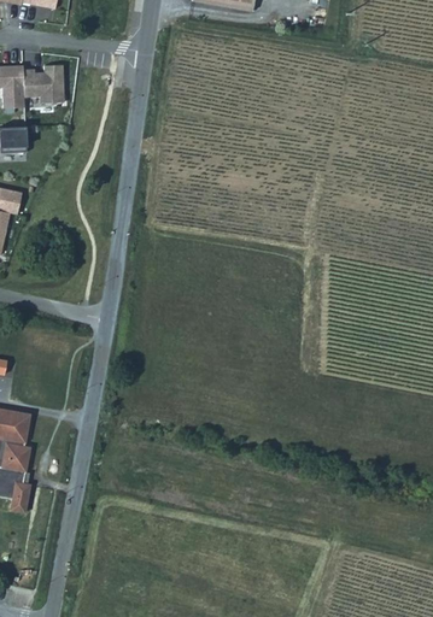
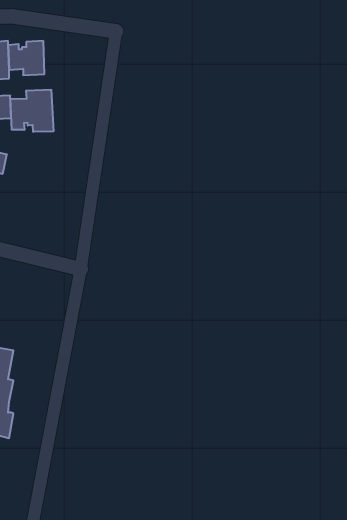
building: none -> [10,90,53,132]

